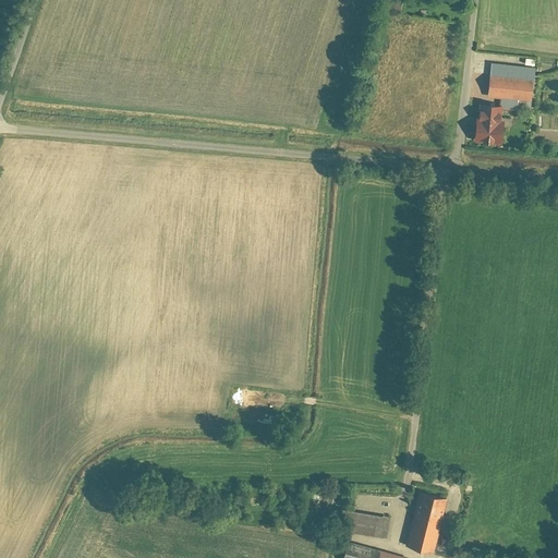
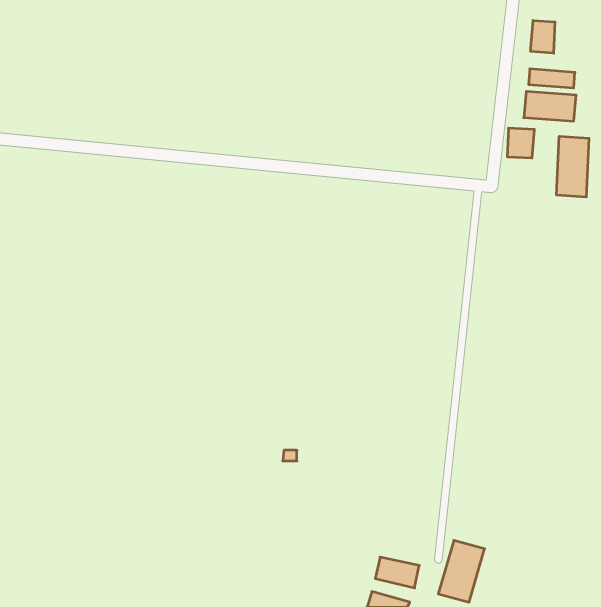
building: none -> [531,20,555,53]
building: none -> [557,136,589,197]

